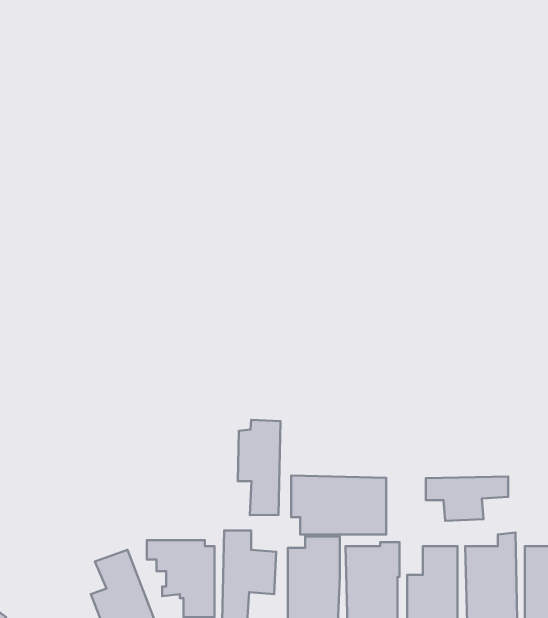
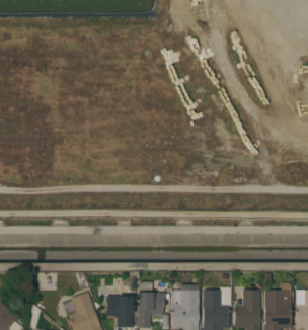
building: [238,420,281,515] -> none
building: [291,476,386,535] -> none
building: [426,476,508,521] -> none

